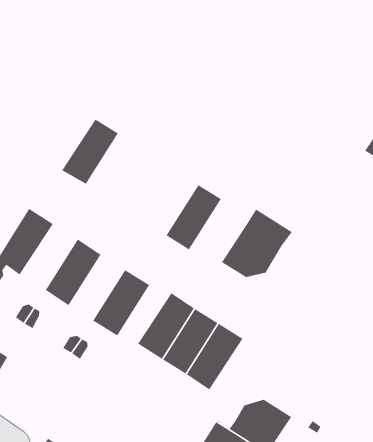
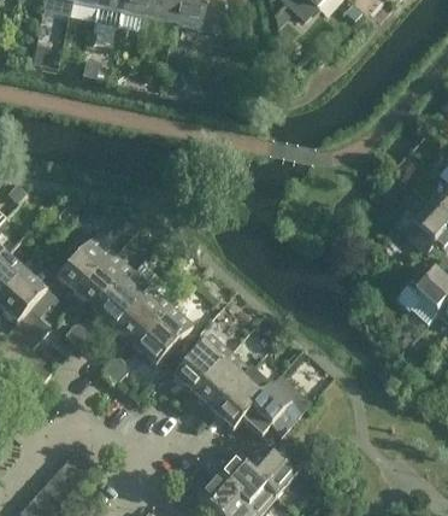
building: [61,119,119,185] -> [75,253,132,312]
building: [166,184,222,250] -> [114,288,171,347]
building: [213,209,293,278] -> [230,375,308,436]

